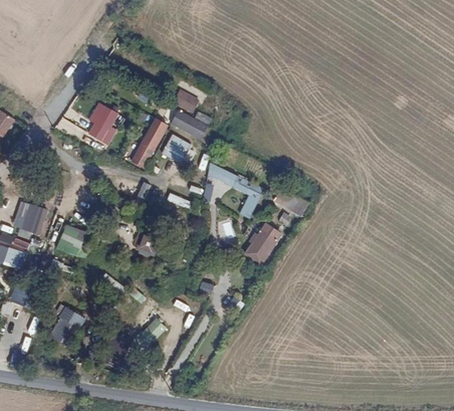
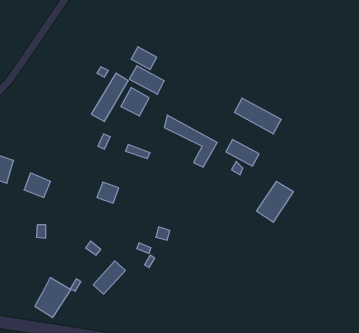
building: [88,102,122,143] -> none
building: none -> [235,98,281,134]
building: [243,223,282,266] -> [256,181,293,222]
building: [49,306,87,349] -> [35,278,71,317]

